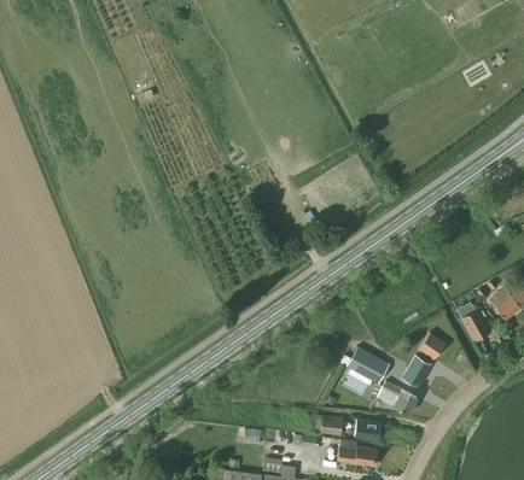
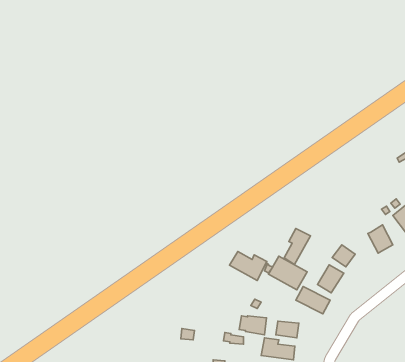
building: none -> [284,229,310,264]
building: none -> [229,251,267,281]

